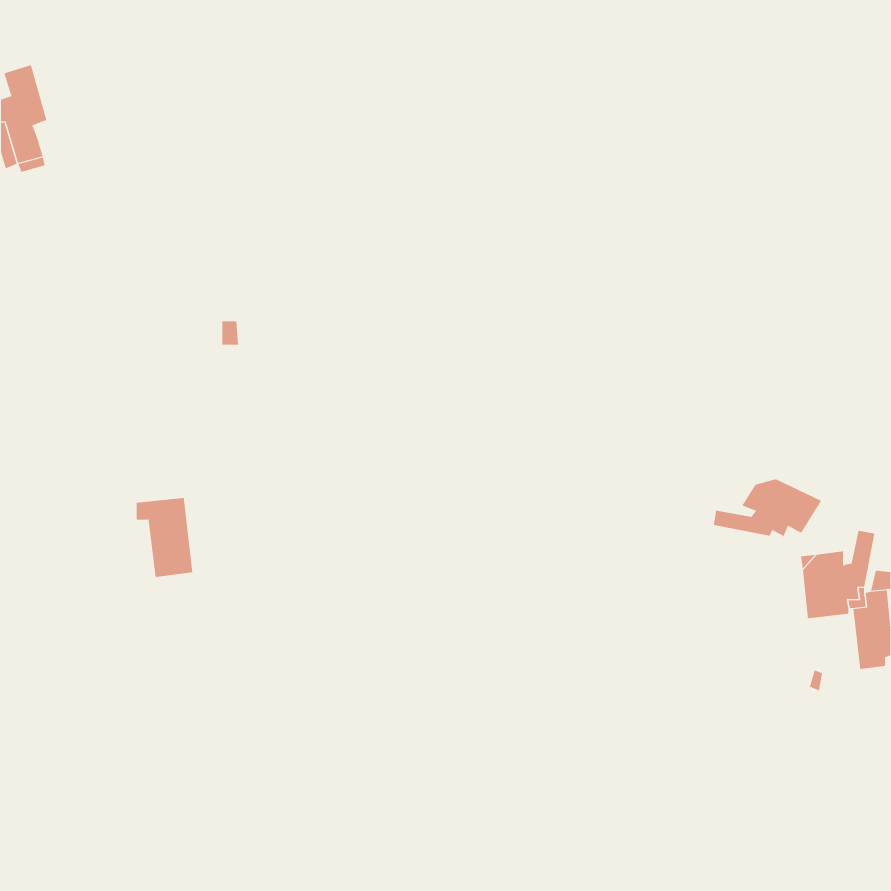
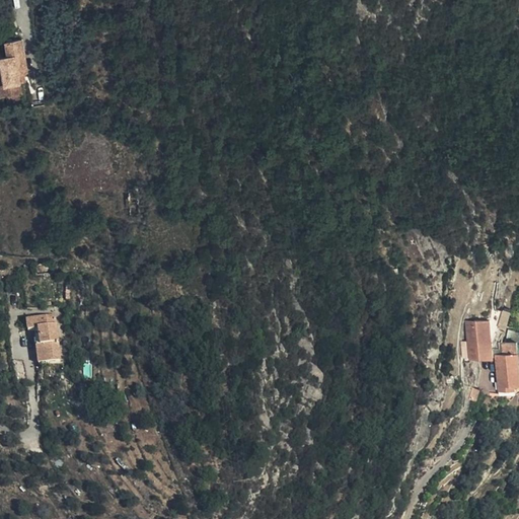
building: [713,478,822,537] -> none
building: [136,497,193,578] -> [24,316,58,363]

